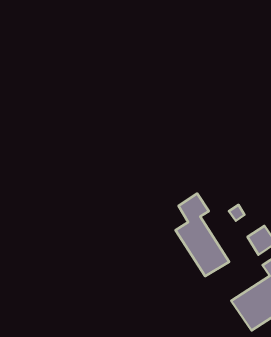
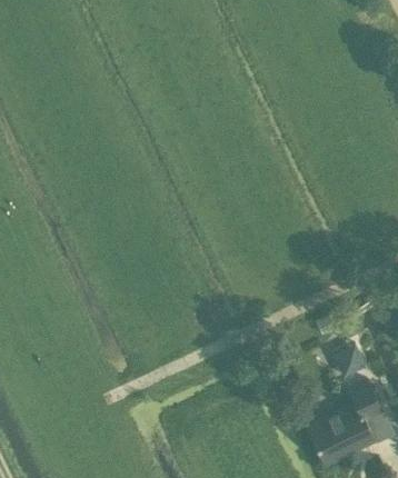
building: [175,194,229,276] -> none

